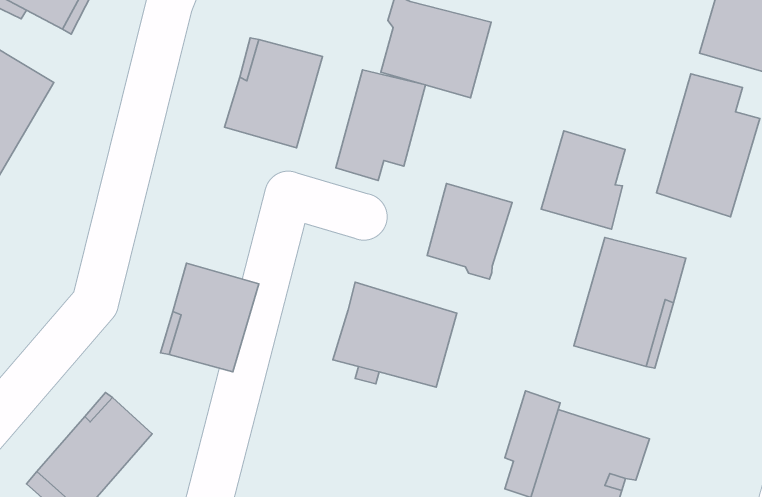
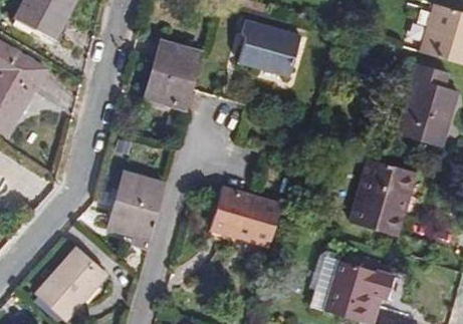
building: [336,70,425,180] -> none
building: [541,131,625,229] -> none
building: [427,184,512,279] -> none

